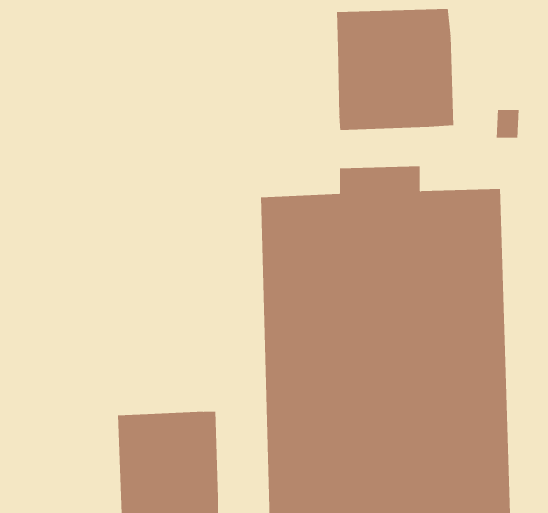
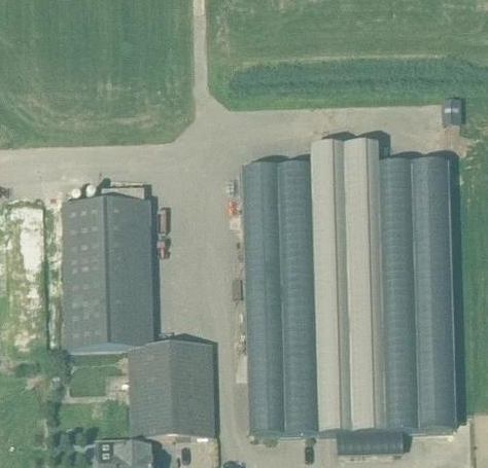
building: [337,8,454,131] -> none
building: none -> [62,197,153,346]

